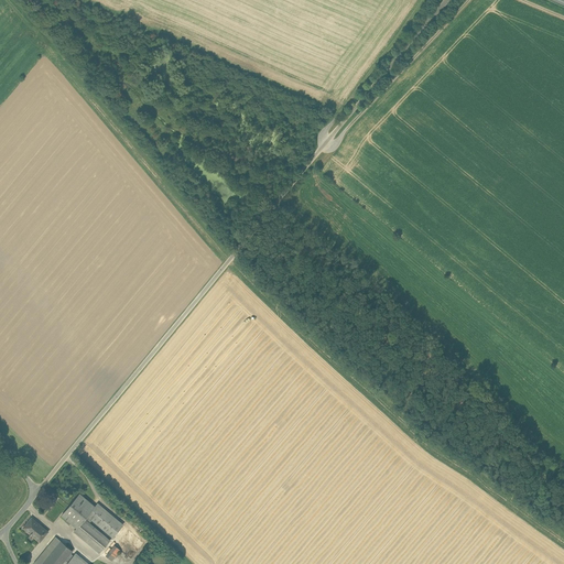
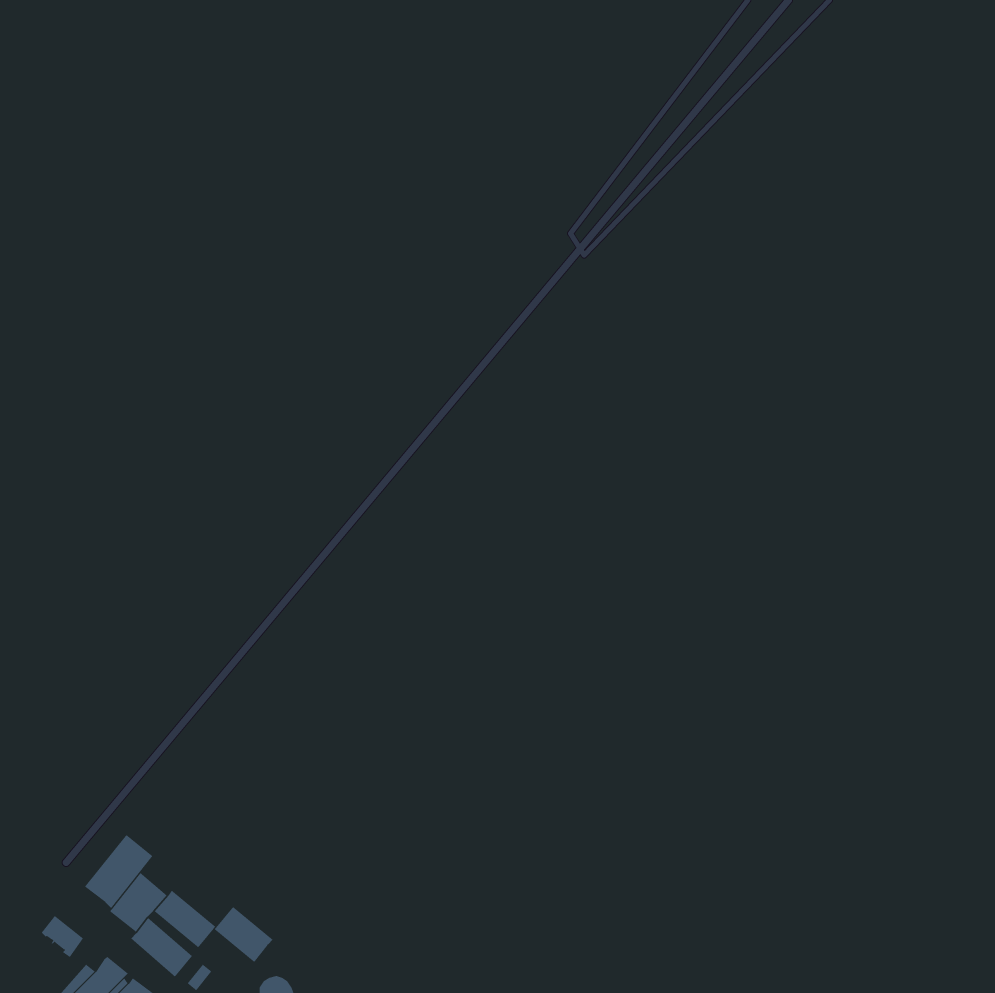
building: none -> [84,834,153,909]
building: none -> [214,906,273,963]

